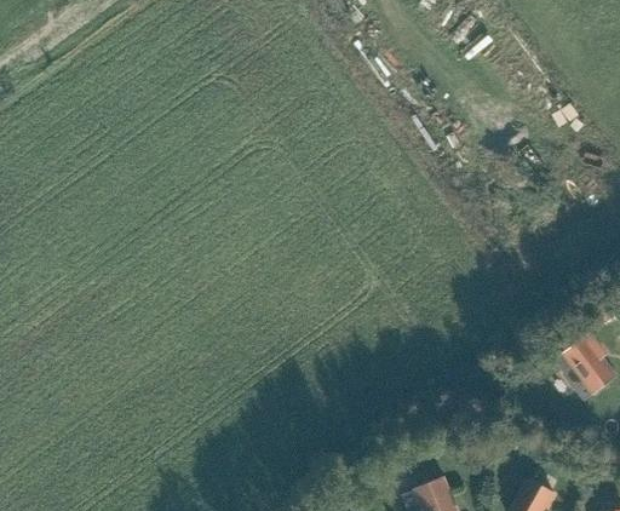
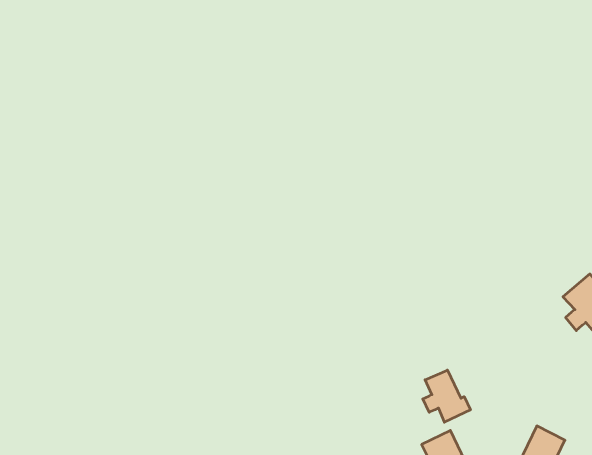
building: none -> [423,370,470,422]

